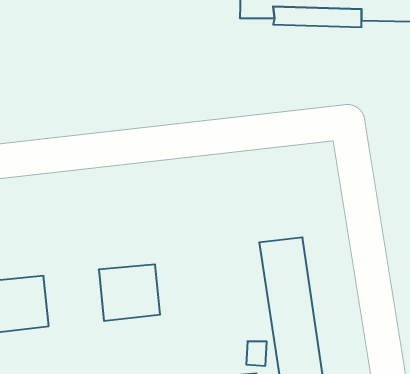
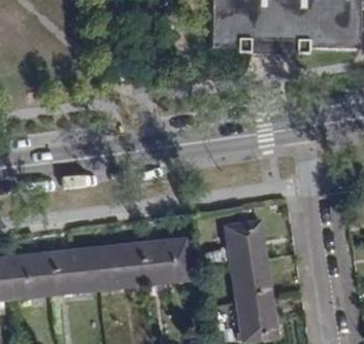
building: none -> [141,238,188,283]
building: none -> [52,247,100,293]

